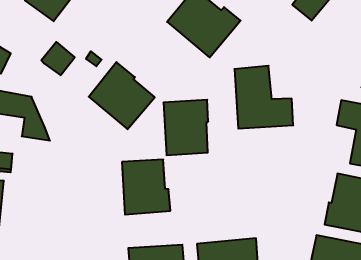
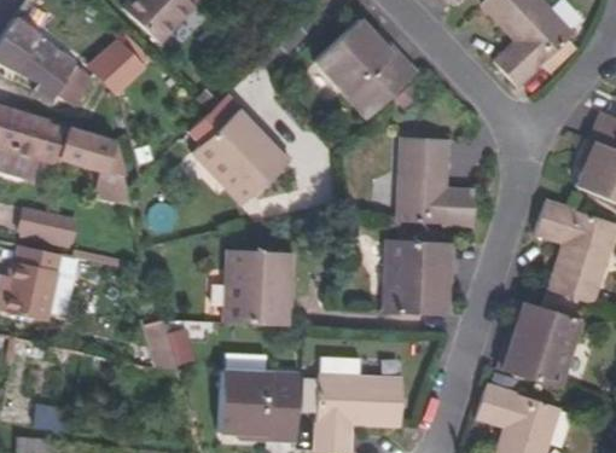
building: [41,42,75,75] -> [93,42,140,89]
building: [163,100,208,155] -> [383,238,449,315]
building: none -> [145,320,191,365]

